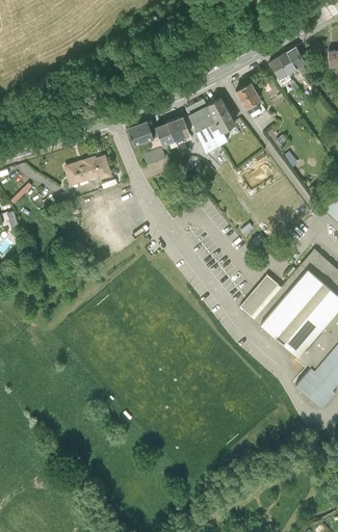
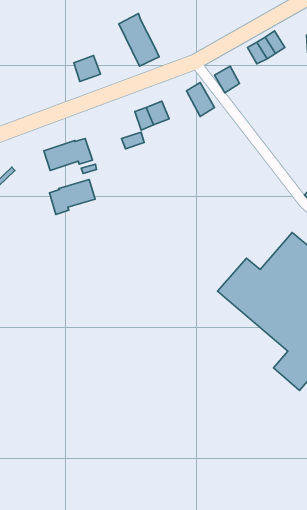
building: [186,100,227,153] -> [119,13,159,66]
building: [128,121,155,147] -> [74,56,101,81]
building: none -> [49,180,95,214]

